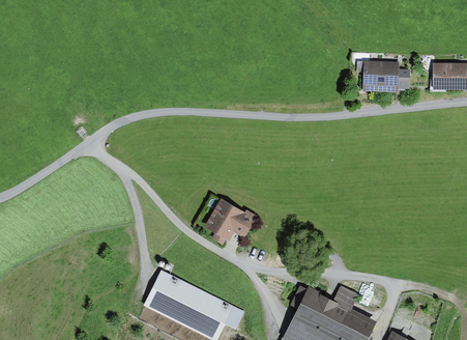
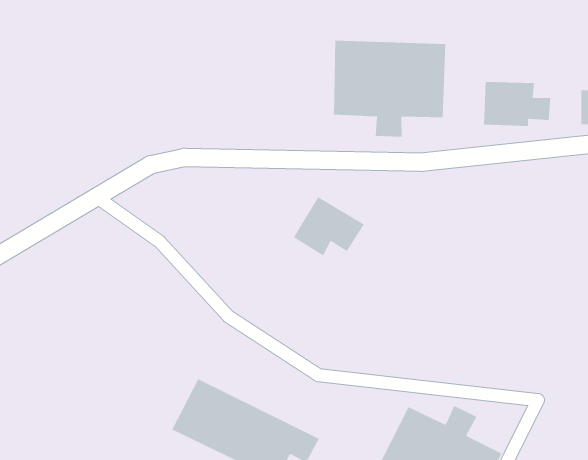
building: none -> [333,40,446,137]
building: [204,198,255,240] -> [293,196,365,257]

